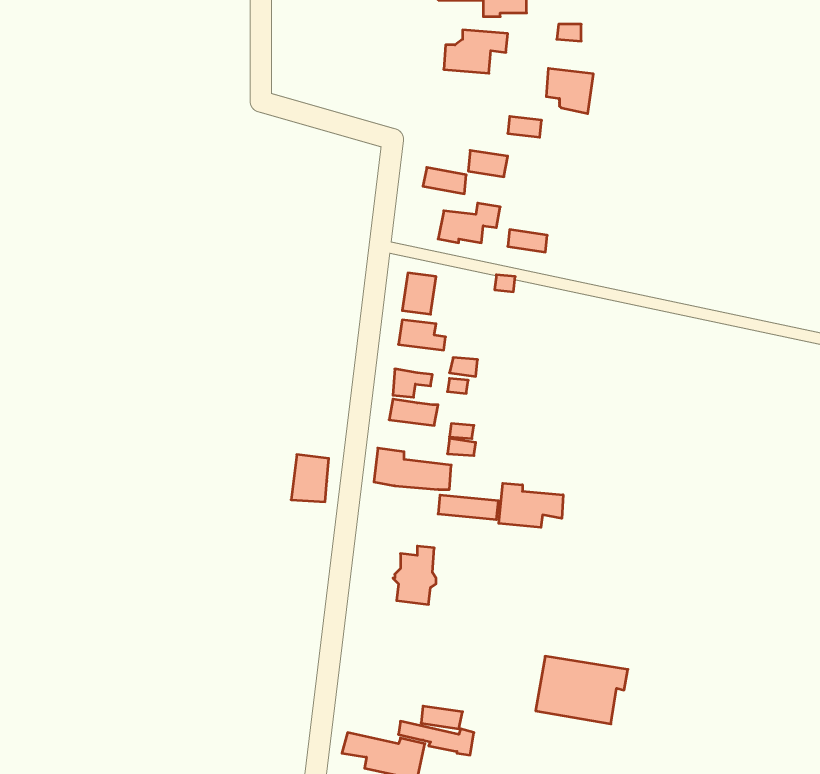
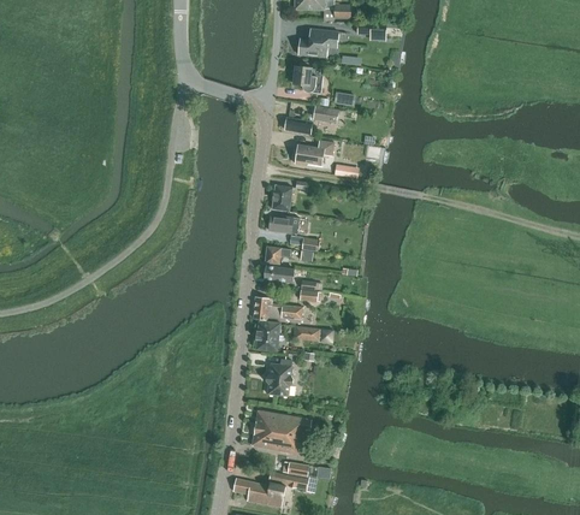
building: [546,68,593,114] -> [294,65,324,94]
building: [291,455,329,502] -> [255,320,279,350]
building: [499,483,563,527] -> none
building: [536,656,628,724] -> [251,410,310,454]

